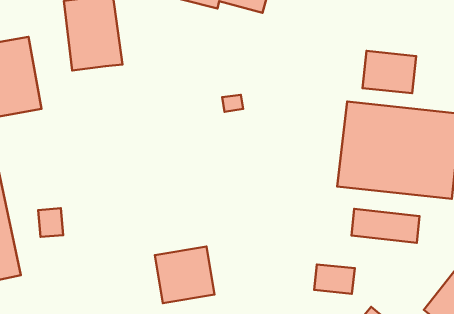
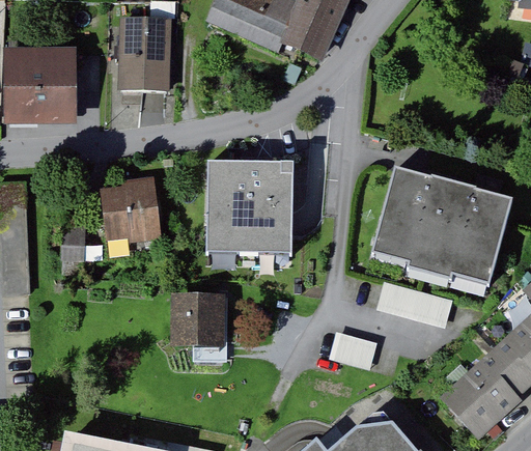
building: [363,51,416,93] -> none
building: none -> [206,164,292,255]
building: none -> [99,176,160,242]

